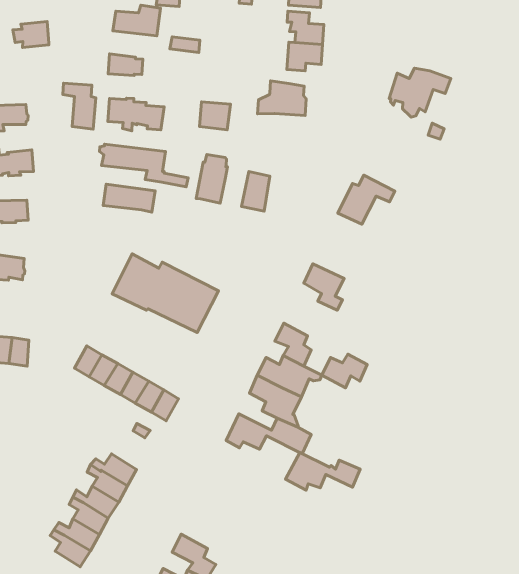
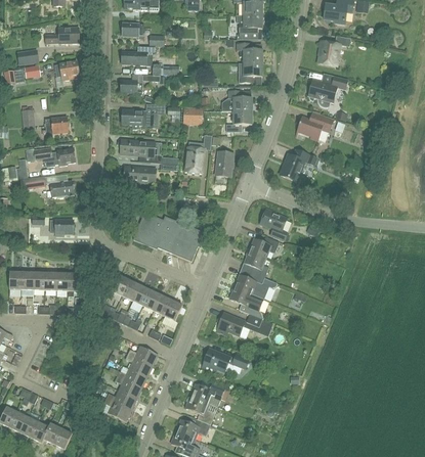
building: none -> [317,35,350,64]
building: [63,83,96,129] -> none
building: none -> [226,110,253,132]
building: none -> [297,110,334,139]
building: [322,354,367,388] -> [249,234,279,257]
building: [286,453,360,490] -> [201,348,250,372]
building: none -> [190,382,224,406]

